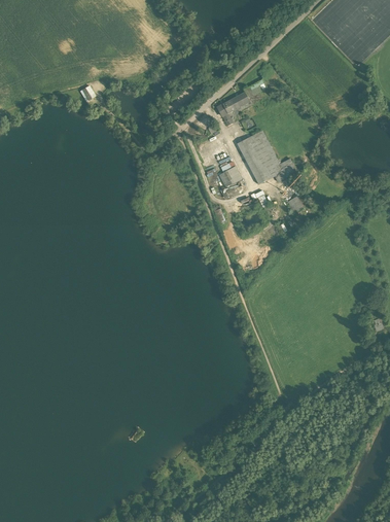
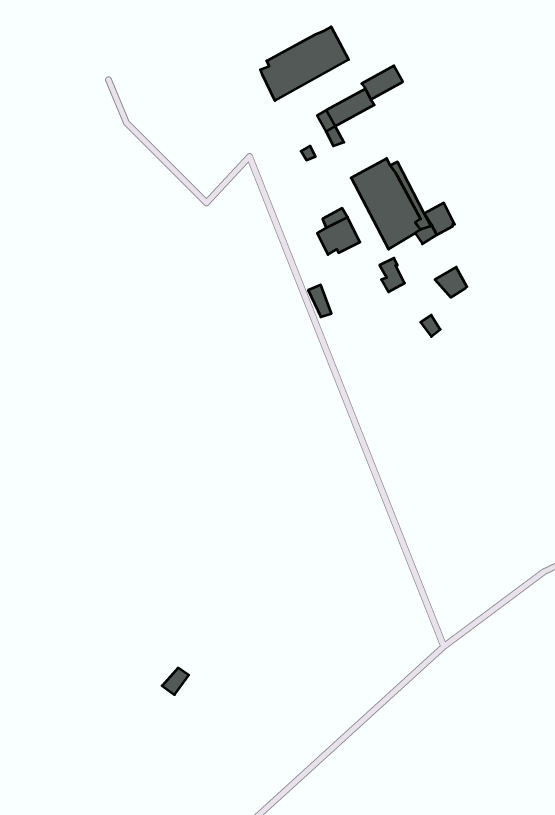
building: none -> [260,27,349,101]

